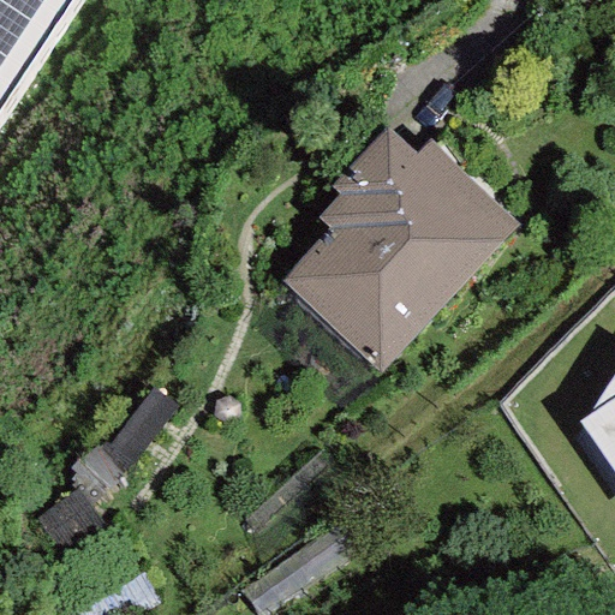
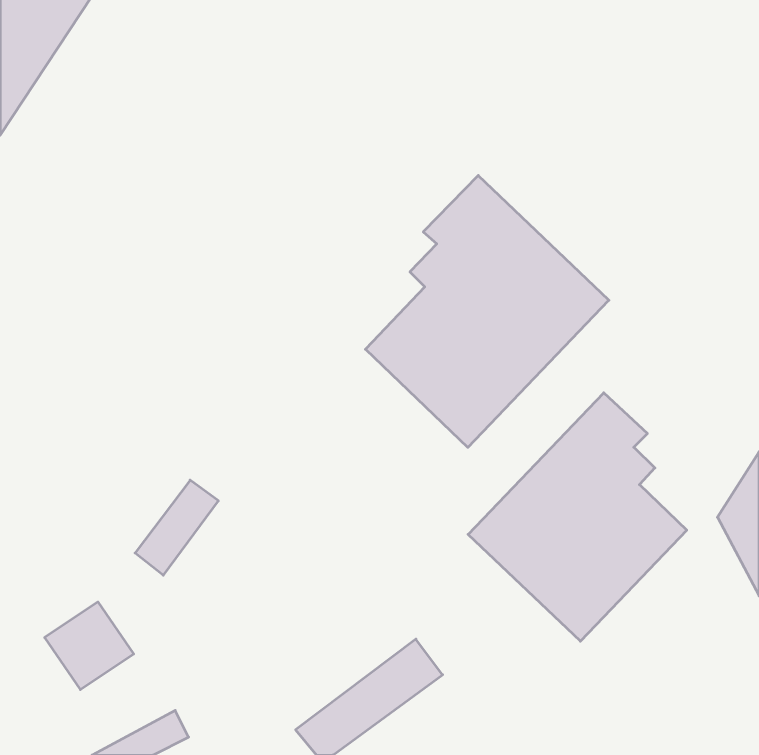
building: none -> [468,393,687,641]

